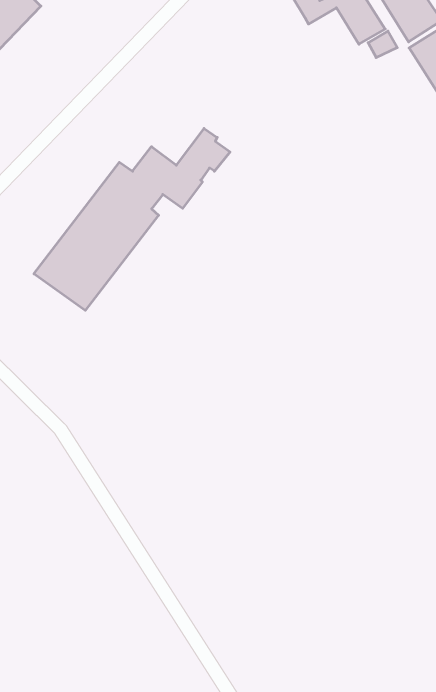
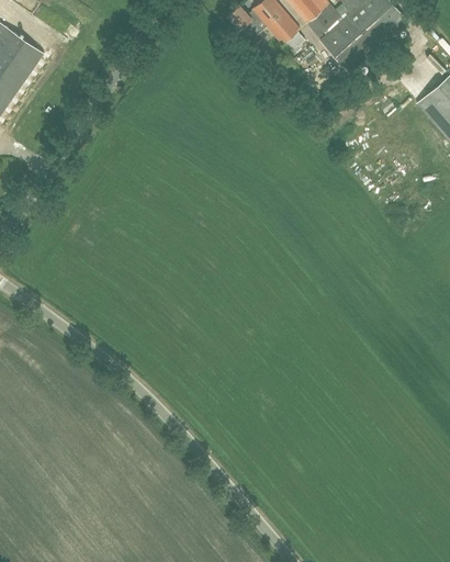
building: [34,128,230,310] -> none

